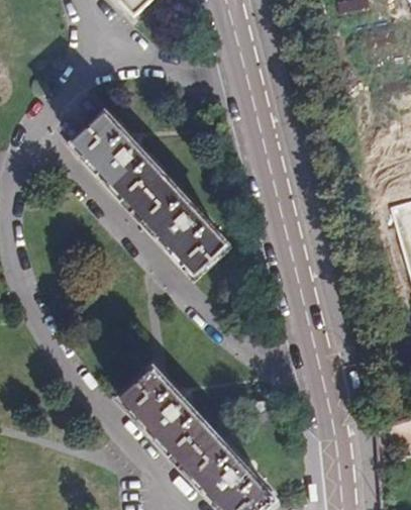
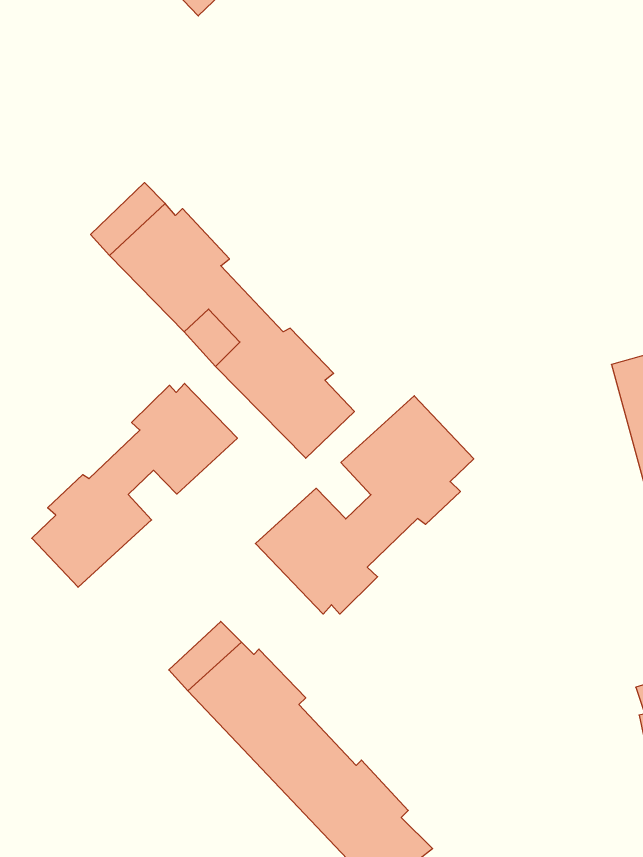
building: none -> [32,383,237,587]
building: none -> [255,396,474,614]

